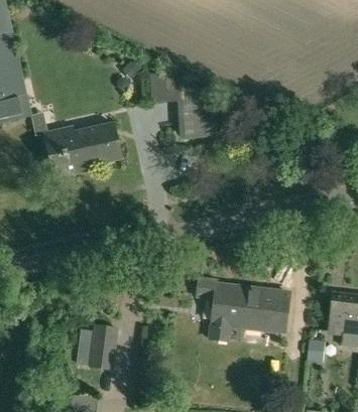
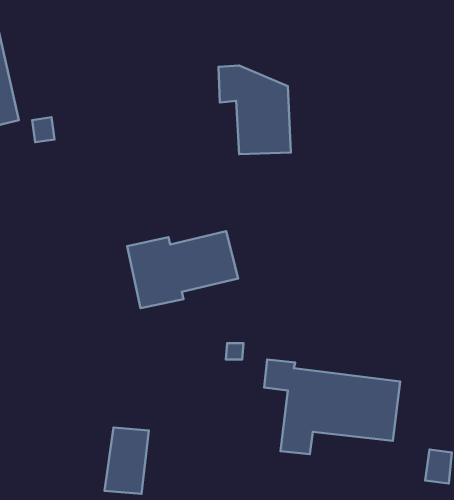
building: [43,124,119,176] -> [127,231,238,308]

